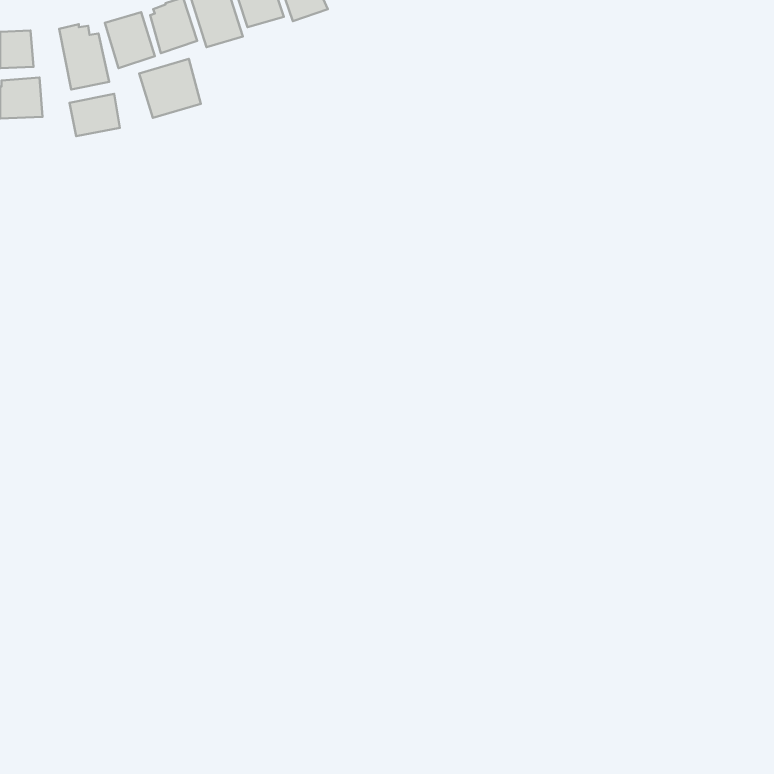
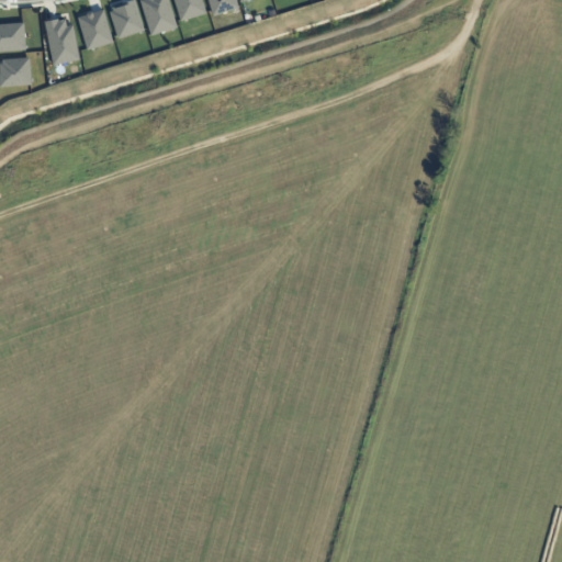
building: [139,59,201,118] -> none
building: [69,94,120,136] -> none

